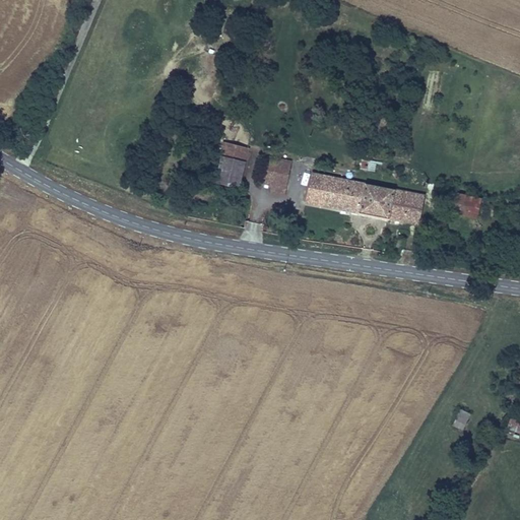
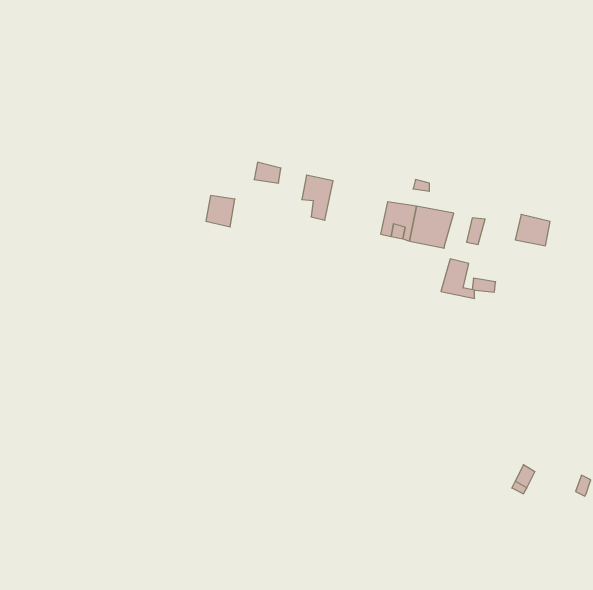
building: [218,159,244,187] -> [206,196,235,227]
building: [308,173,339,207] -> none
building: [389,189,418,223] -> [441,259,475,298]

